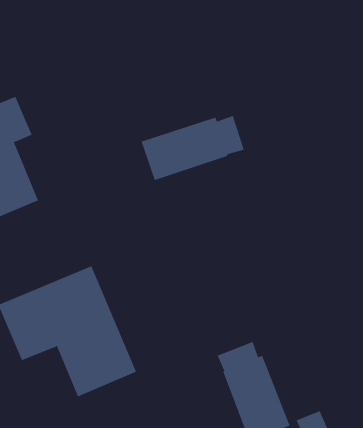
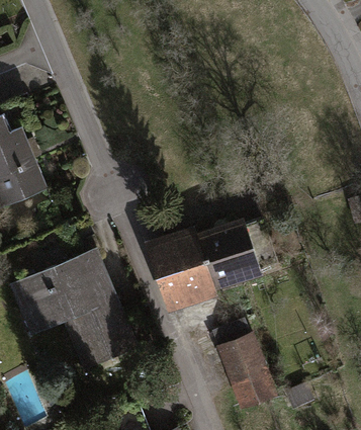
building: [141,115,244,181] -> none
building: none -> [146,218,278,314]

